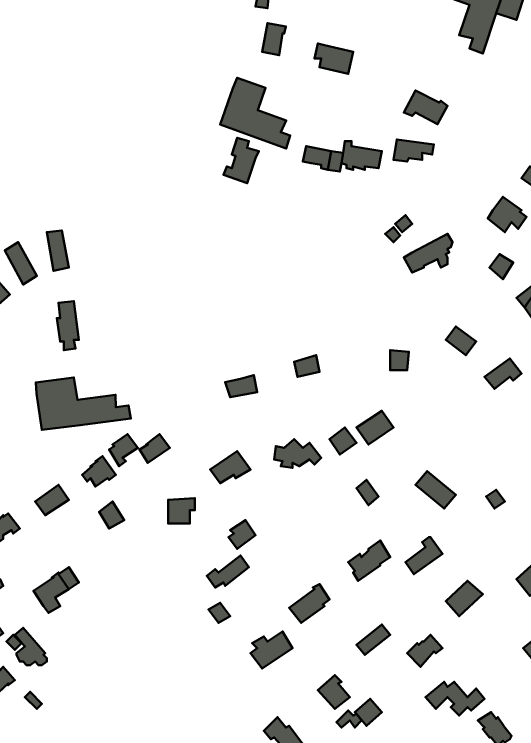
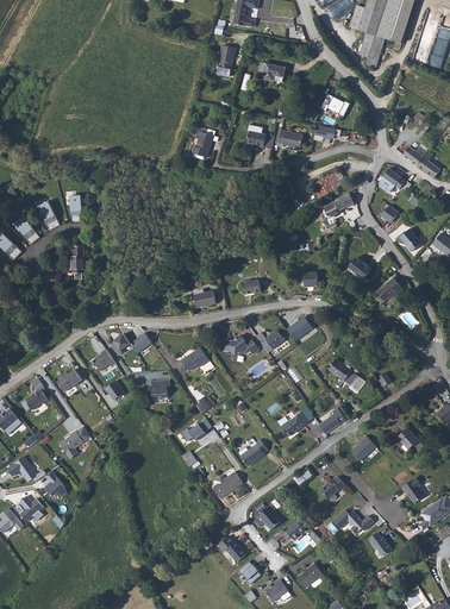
building: [220,78,290,148] -> none
building: [36,377,131,430] -> none

